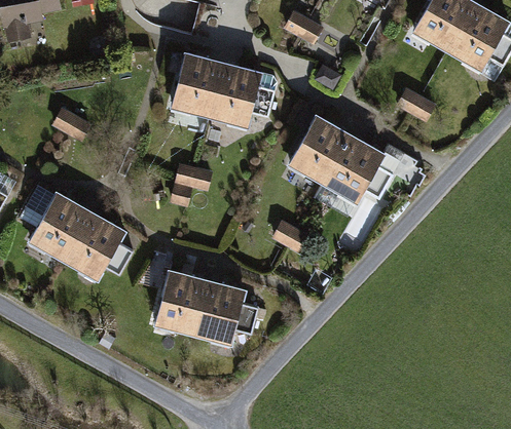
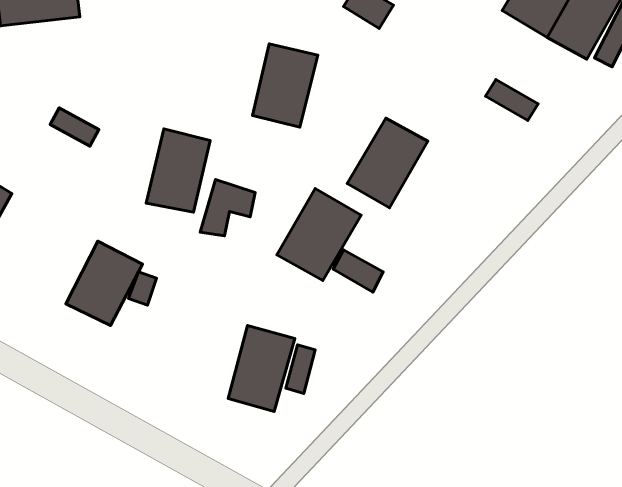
building: [171,48,222,115] -> [146,129,210,212]
building: [319,135,387,209] -> [277,188,361,281]
building: [26,199,84,266] -> none
building: [152,273,205,342] -> none

